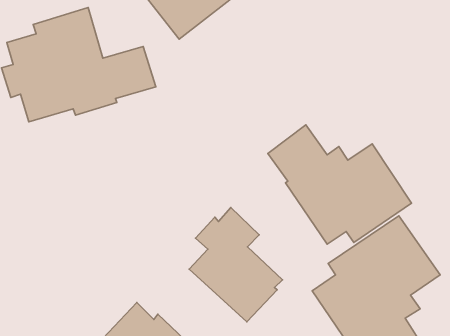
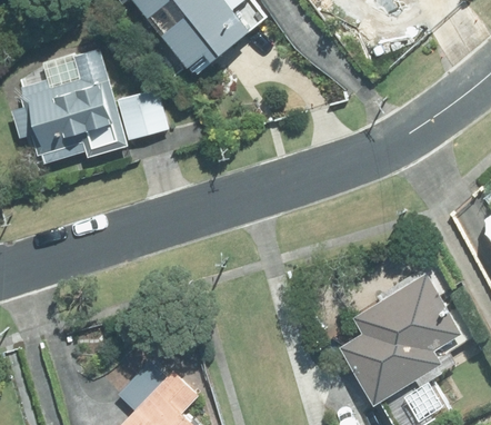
building: [268,125,411,244] -> none
building: [189,208,282,322] -> none

